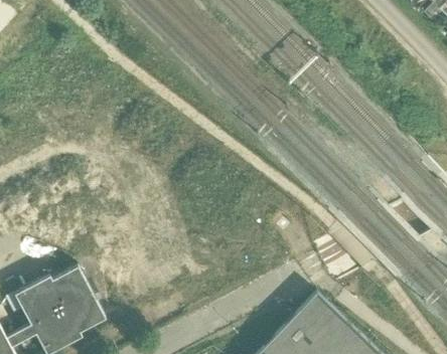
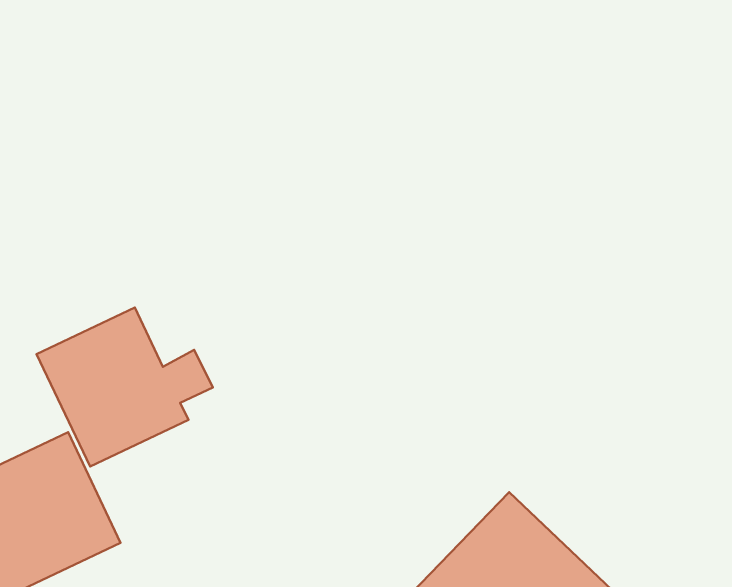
building: none -> [37,307,213,466]

